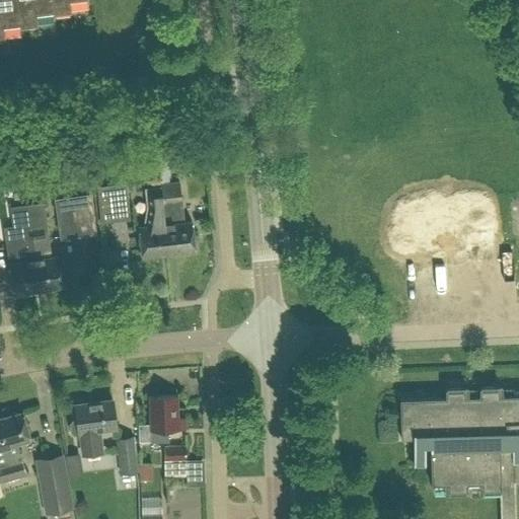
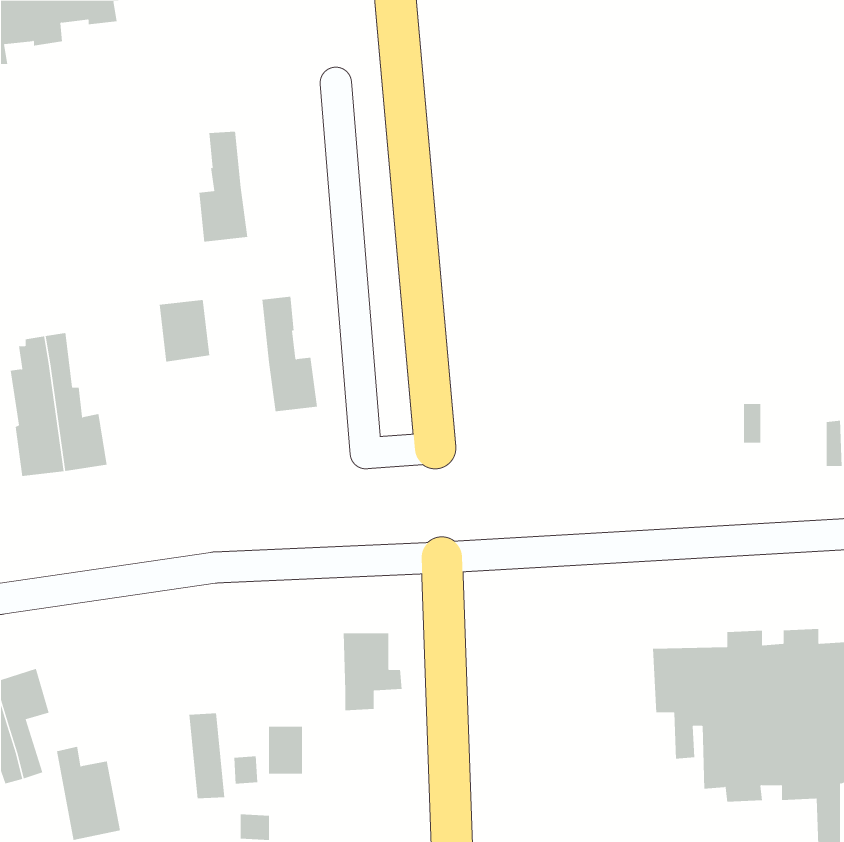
building: [139,186,169,257] -> [199,125,248,242]
building: [55,196,97,241] -> none
building: [150,396,187,444] -> [343,633,403,711]
building: [70,401,117,456] -> none

